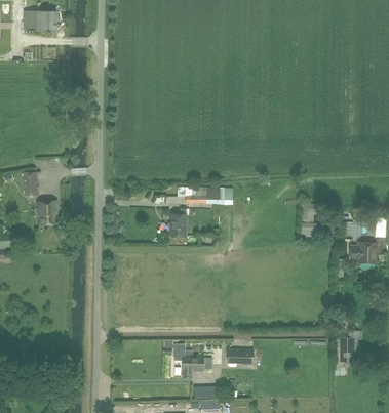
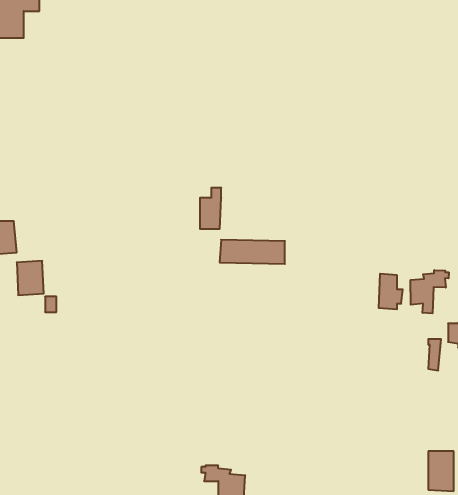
building: [171,207,187,237] -> [200,188,221,229]
building: none -> [411,270,449,313]
building: [226,347,254,363] -> none

